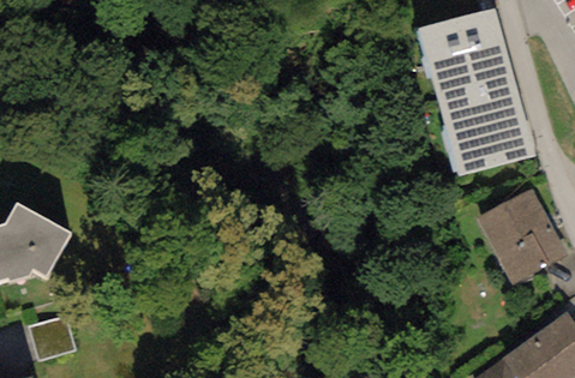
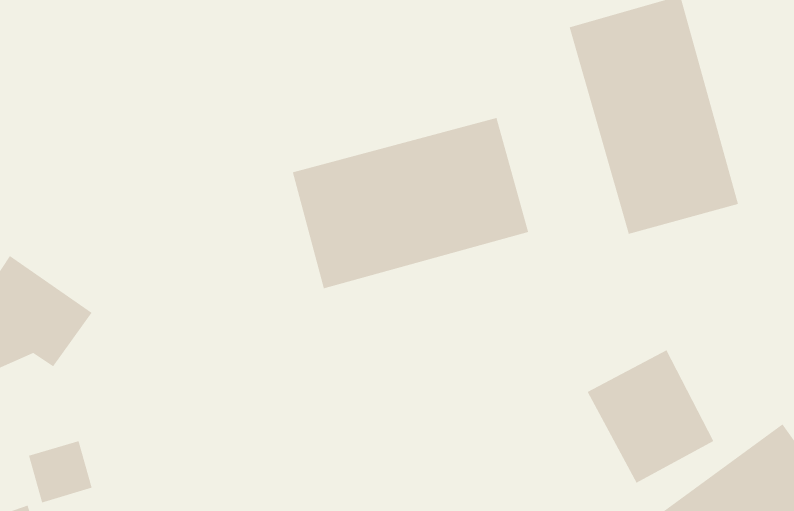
building: none -> [292,117,529,289]
building: [474,190,564,284] -> [587,349,714,484]

